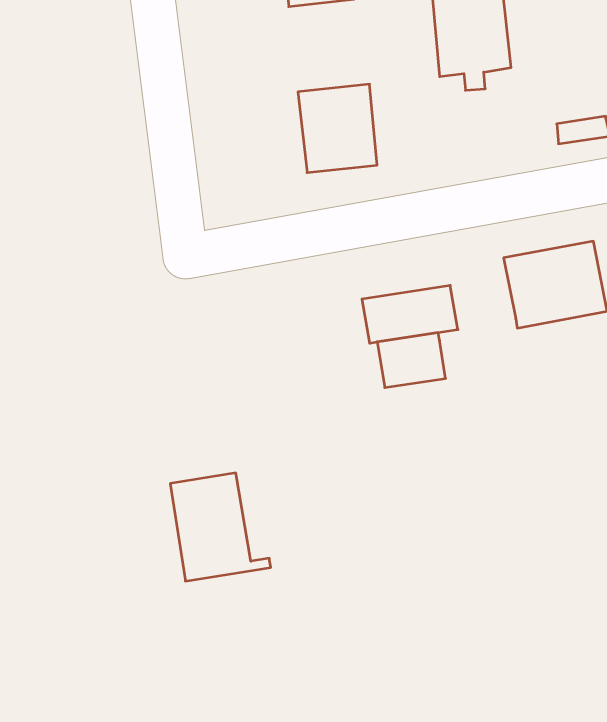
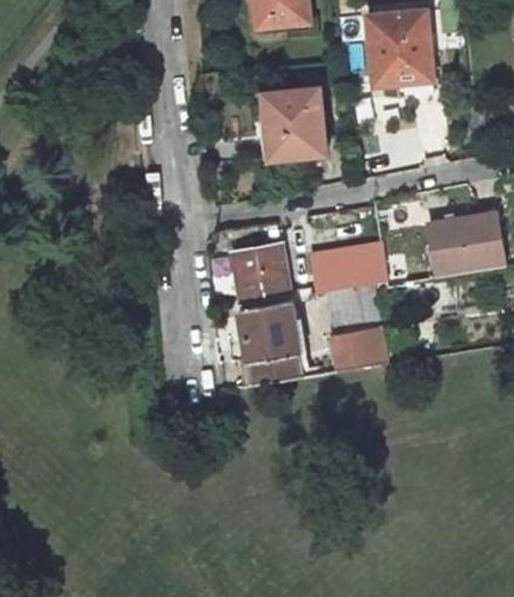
building: none -> [233,244,285,297]
building: none -> [329,327,385,371]
building: [170,473,271,581] -> [239,300,317,384]

